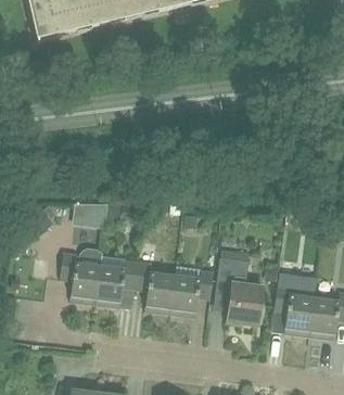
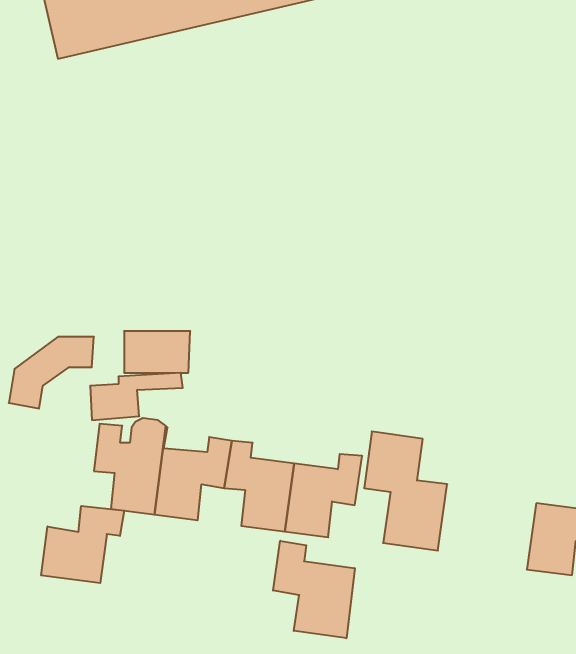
building: [273,280,314,332] -> none
building: none -> [41,506,124,583]
building: none -> [273,541,355,638]

